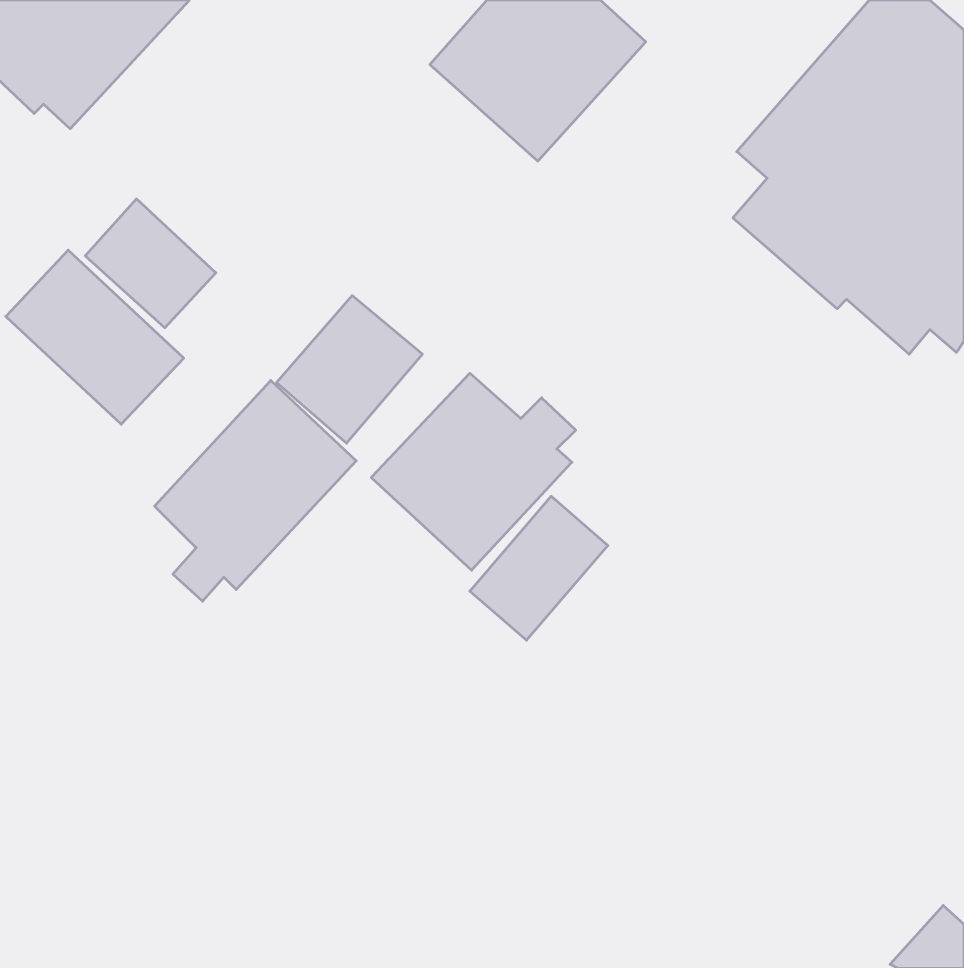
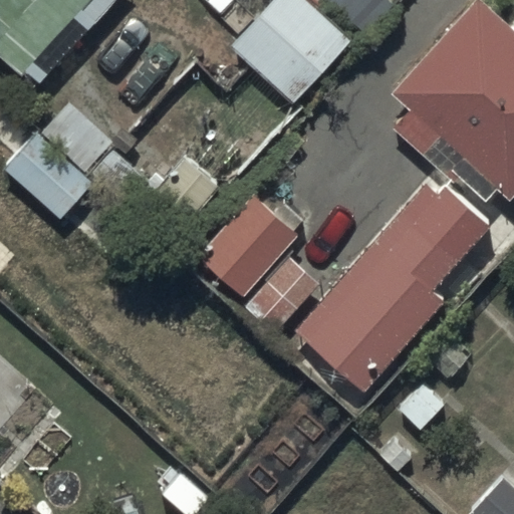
building: none -> [299,192,496,399]
building: [155,380,356,601] -> none

